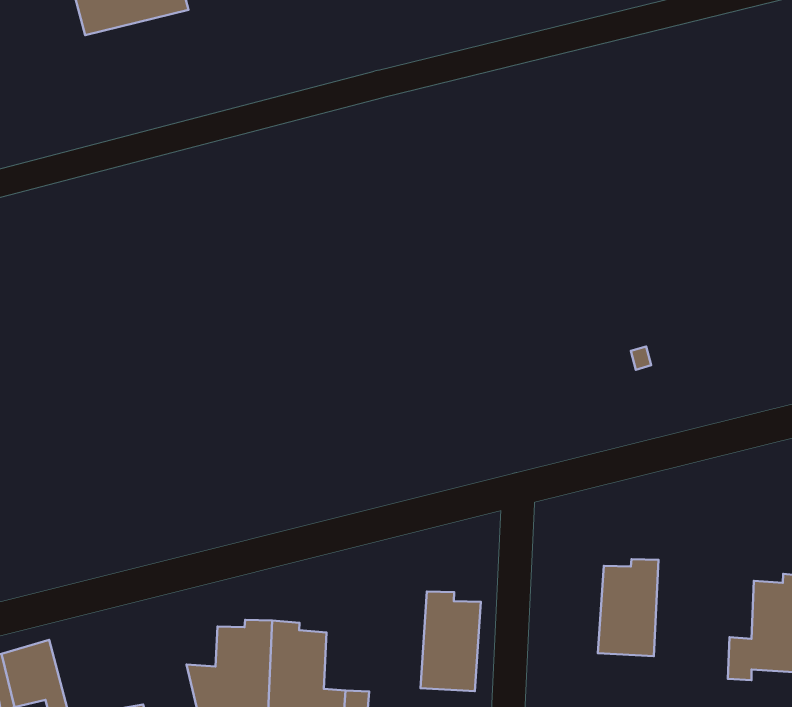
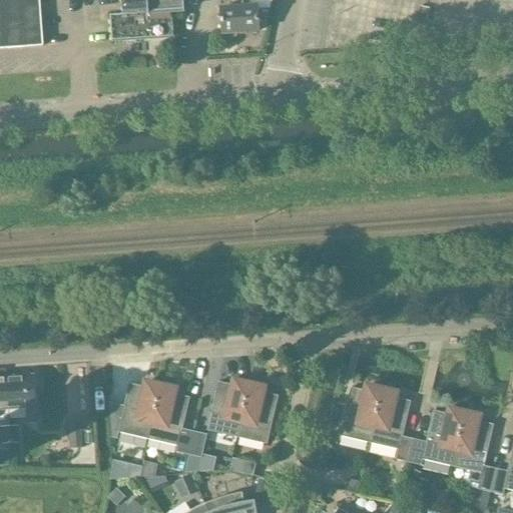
building: none -> [371,388,415,461]
building: none -> [207,379,250,436]

